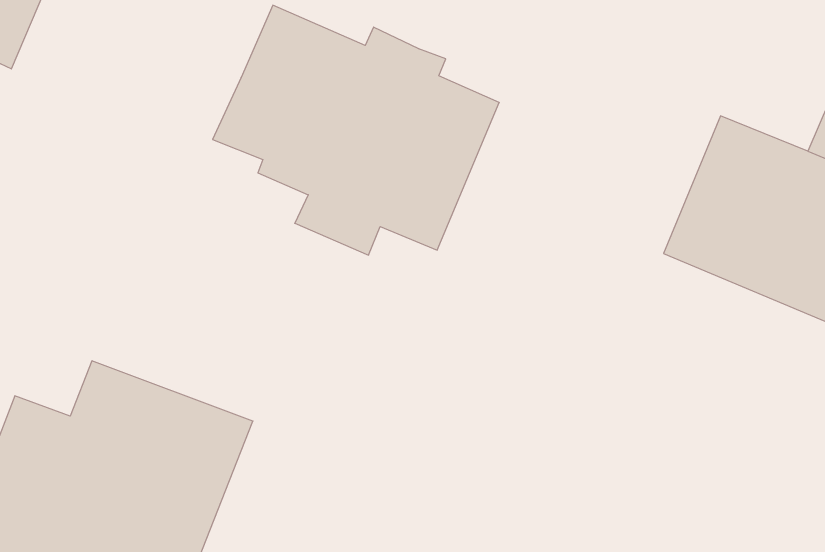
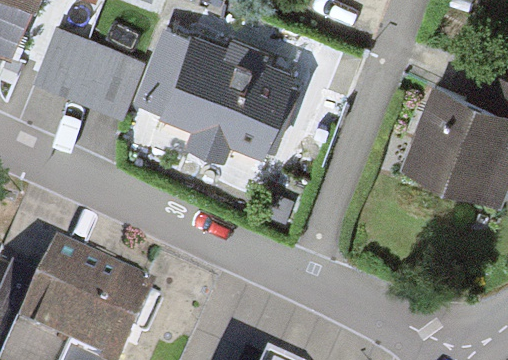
building: none -> [38,28,148,119]

